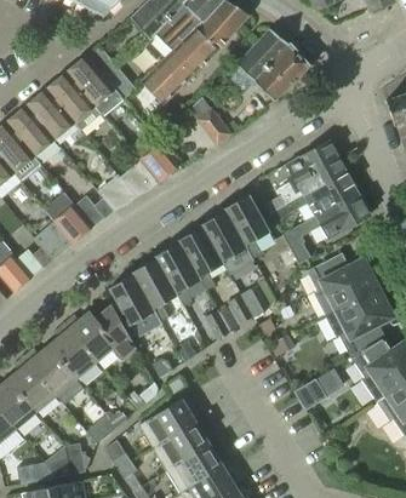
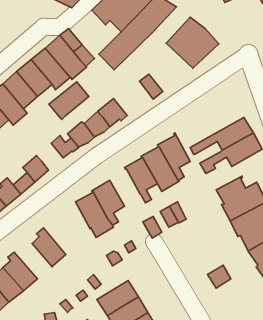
building: none -> [49,82,89,120]
building: [265,142,344,212] -> none
building: [53,206,91,244] -> none
building: [154,242,200,305] -> none
building: [63,305,135,362] -> none
building: [22,347,84,405] -> none

